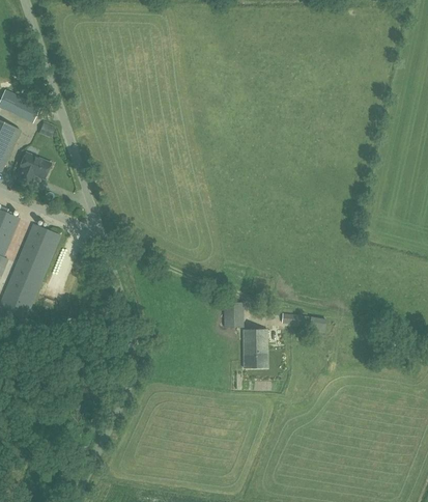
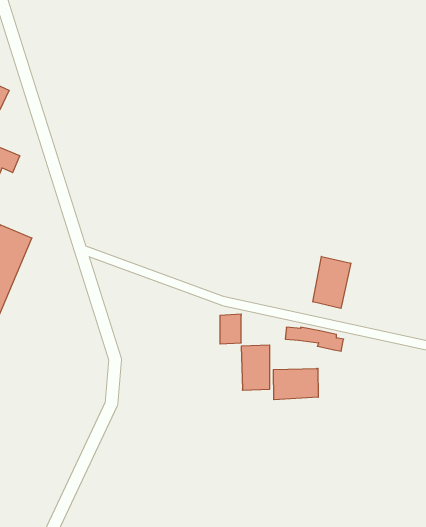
building: none -> [313,256,351,308]
building: none -> [273,368,318,400]

